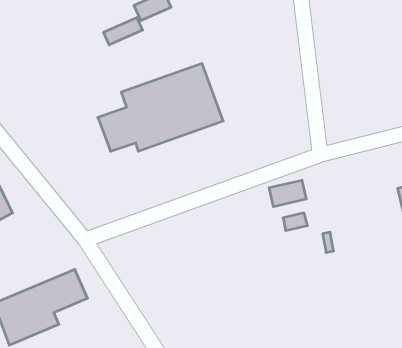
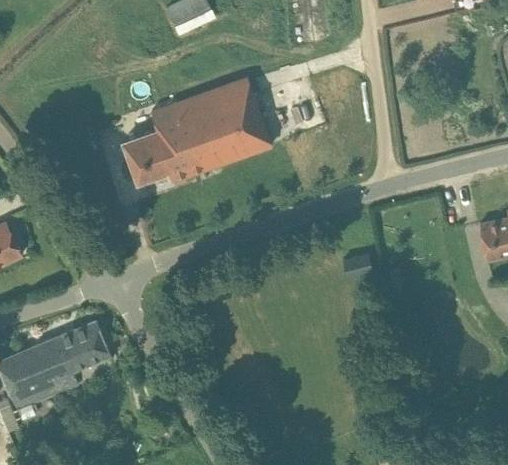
building: [104,17,143,45] -> none
building: [269,180,306,207] -> none

